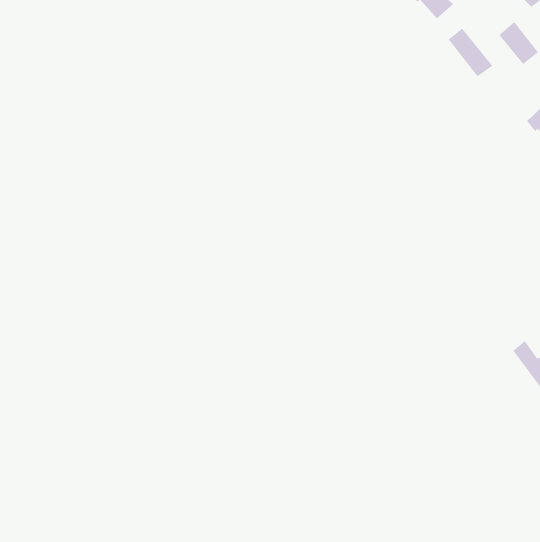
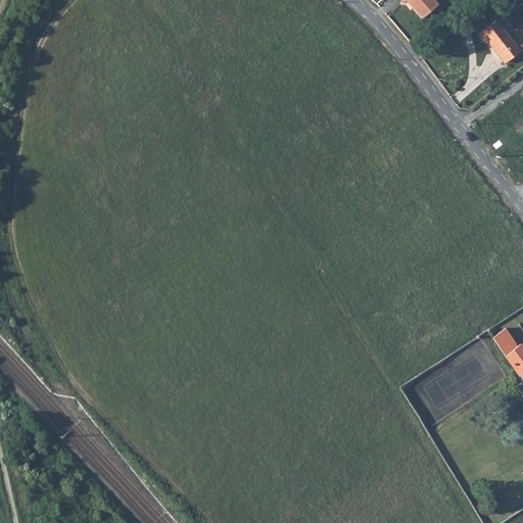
building: [448,28,493,77] -> none

